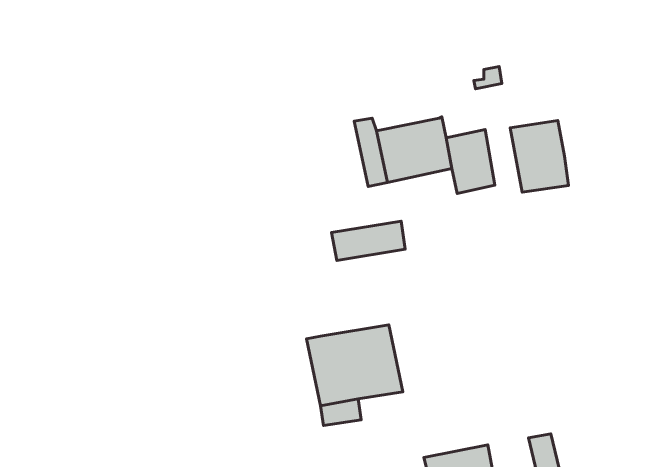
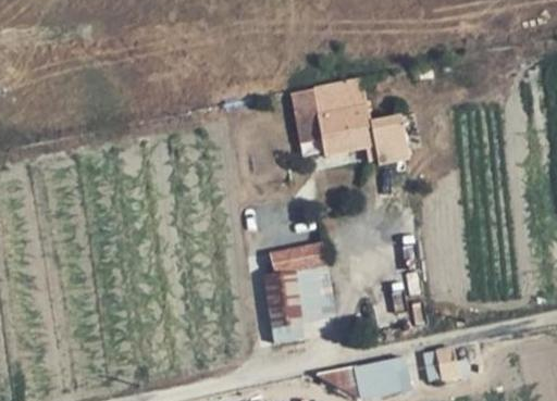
building: none -> [309,83,363,116]
building: [510,120,569,192] -> none
building: [331,221,405,260] -> [267,246,324,276]

